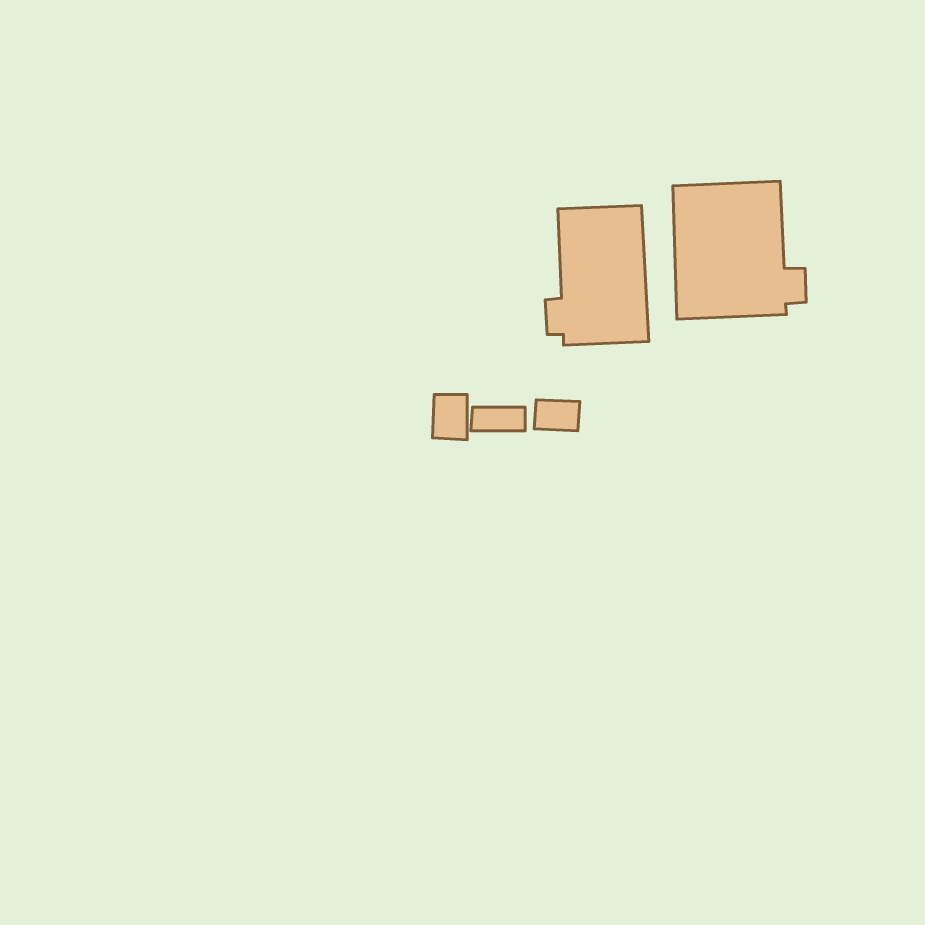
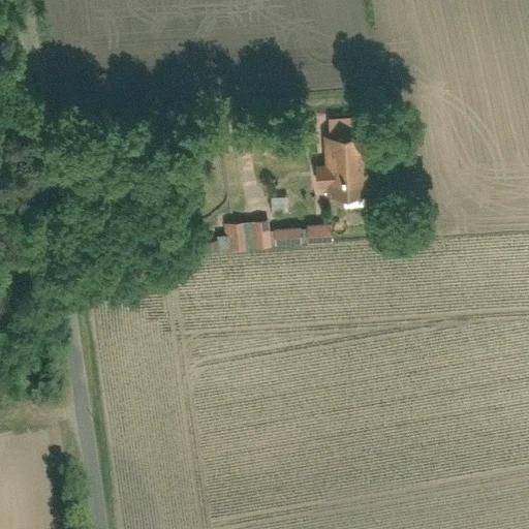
building: [673,181,806,319] -> none
building: none -> [227,224,249,249]

